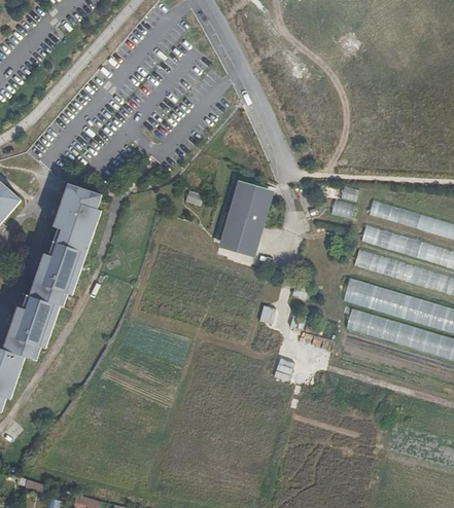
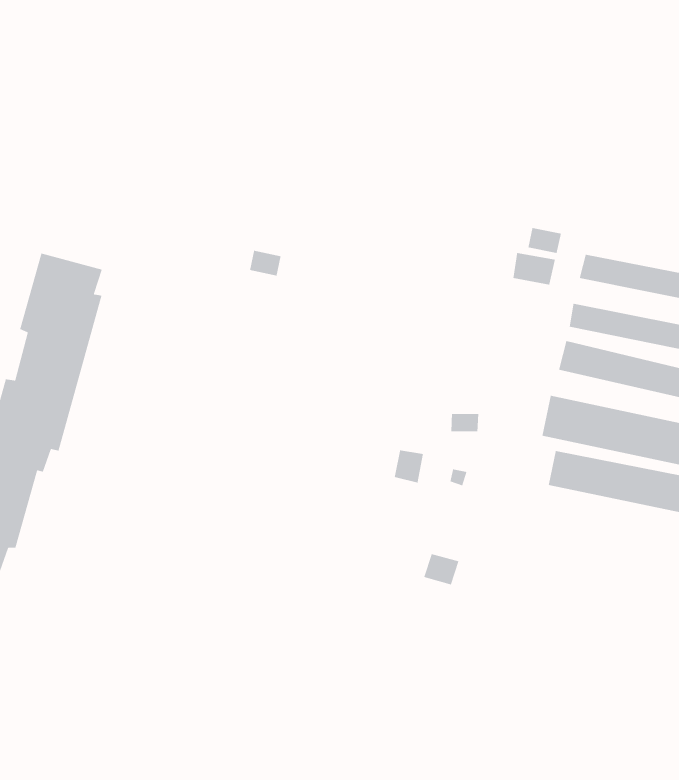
building: [218,180,275,257] -> none

